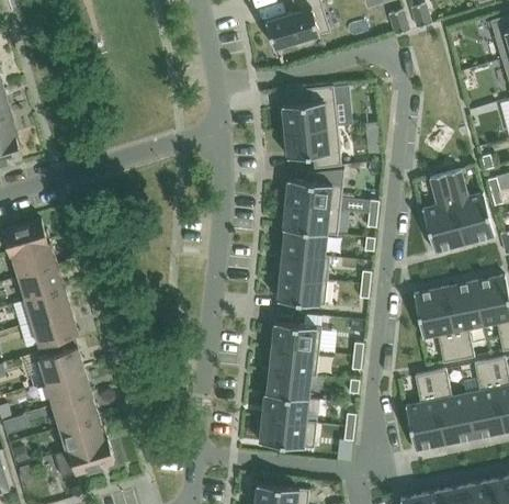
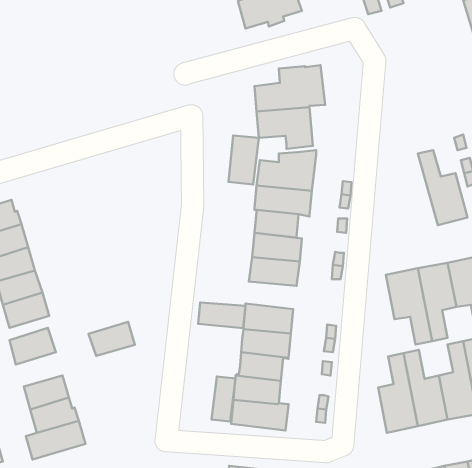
building: none -> [228,135,259,185]
building: [421,173,464,254] -> none
building: none -> [198,303,245,328]
building: [45,371,91,405] -> [89,322,135,356]
building: none -> [211,377,235,421]

